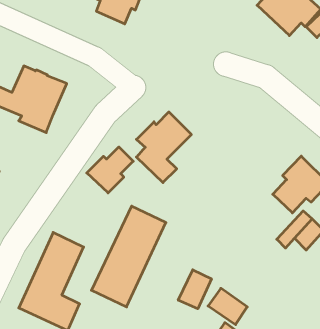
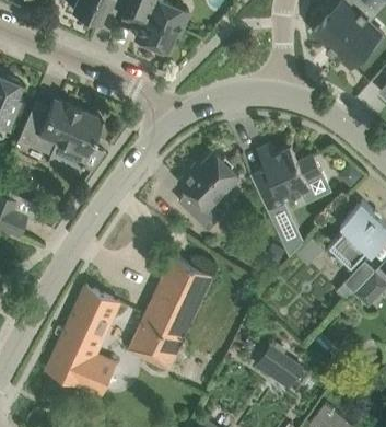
building: none -> [252,143,331,209]
building: [87,147,133,193] -> none
building: [178,270,211,309] -> none

